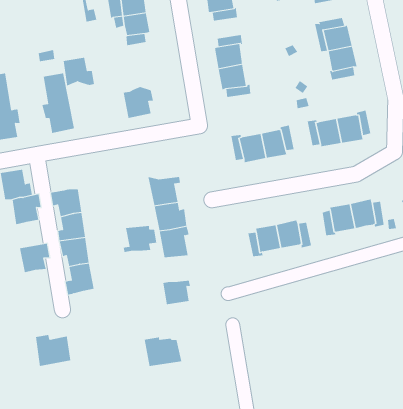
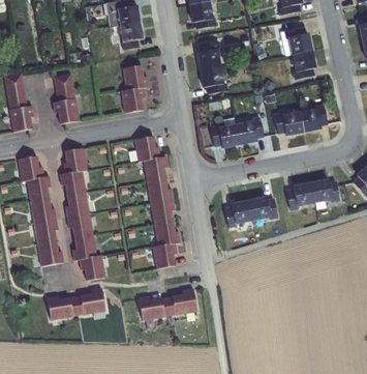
building: [63,57,95,87] -> [122,63,149,88]
building: none -> [134,134,167,162]
building: none -> [63,145,88,172]
building: none -> [30,196,57,220]
building: [123,225,157,253] -> [152,226,181,249]
building: none -> [37,237,64,264]
building: none -> [79,254,105,279]
building: none -> [73,287,105,314]
building: none -> [165,288,196,315]

